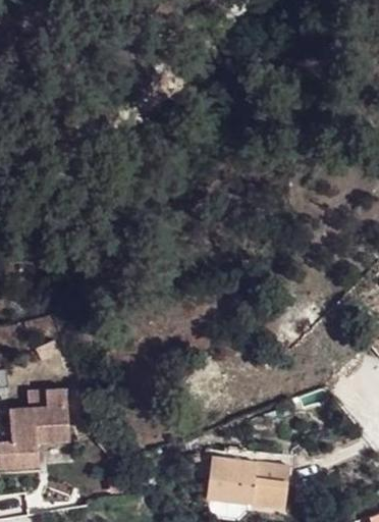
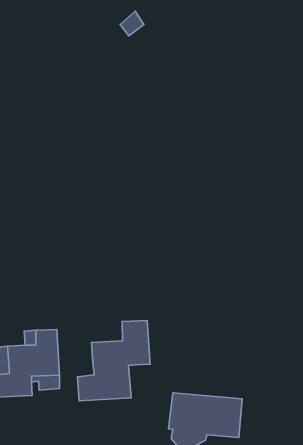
building: none -> [77,321,150,401]

